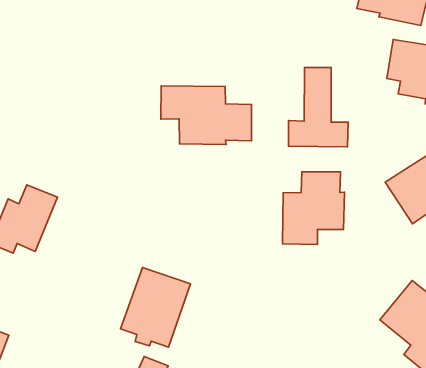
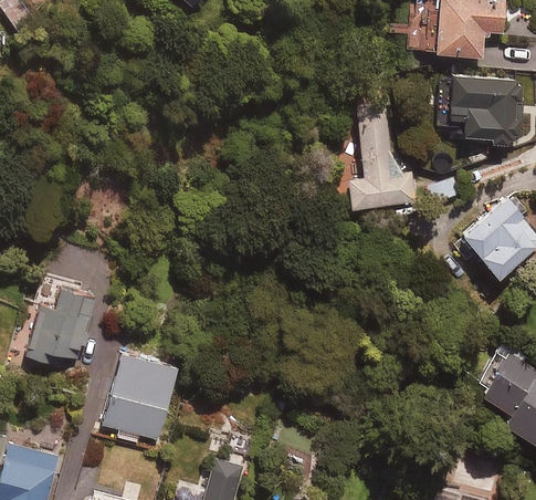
building: [161,86,252,145] -> none
building: [283,172,344,244] -> none
building: [121,267,191,347] -> [103,354,175,440]

